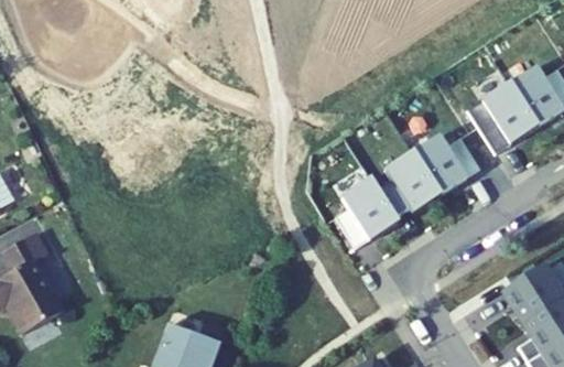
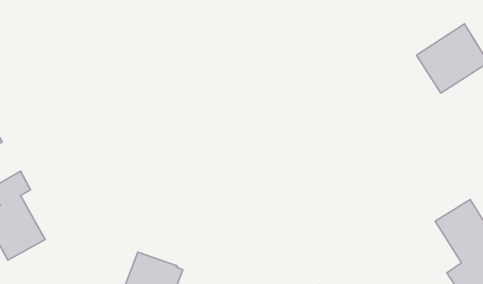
building: [340,134,466,240] -> none

